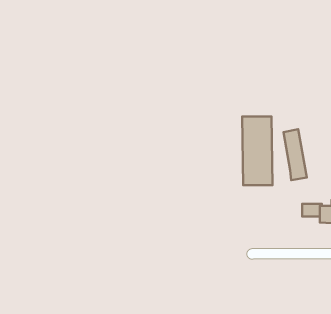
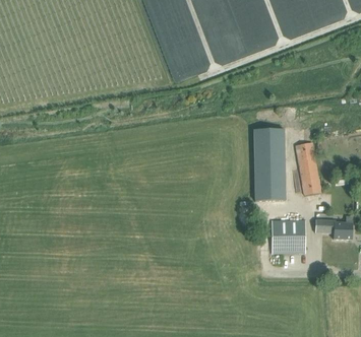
building: none -> [270,218,305,252]

